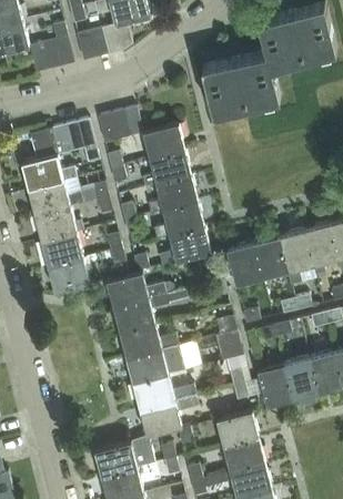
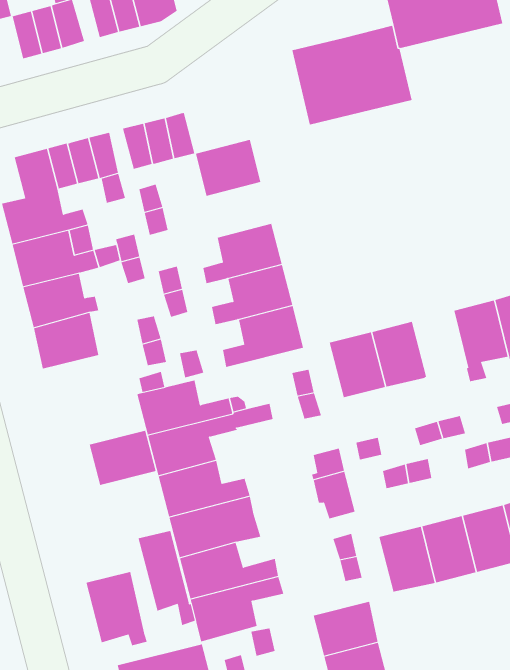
building: [142,150,191,187] -> none
building: [279,230,313,284] -> none
building: [48,257,90,292] -> [89,430,157,485]
building: none -> [138,530,195,626]
building: none -> [86,571,147,646]

